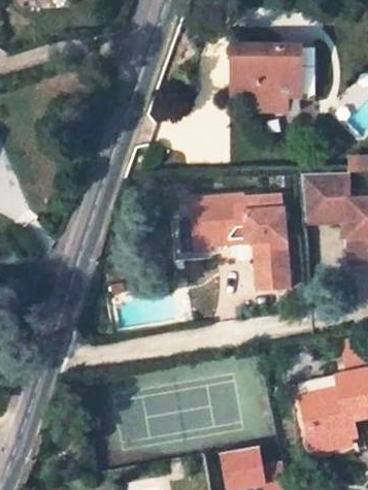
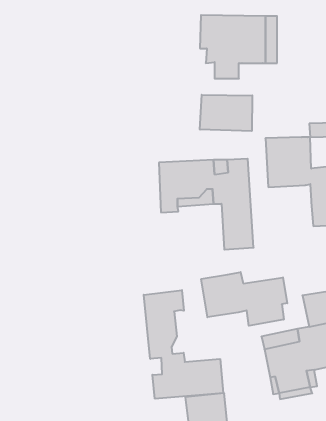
building: none -> [200,95,252,131]
building: none -> [201,272,287,326]
building: none -> [144,290,223,399]

